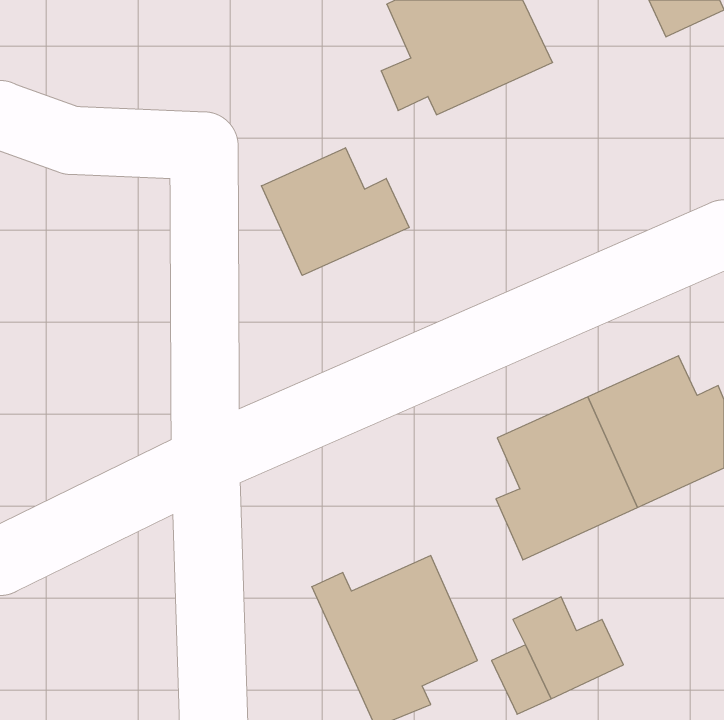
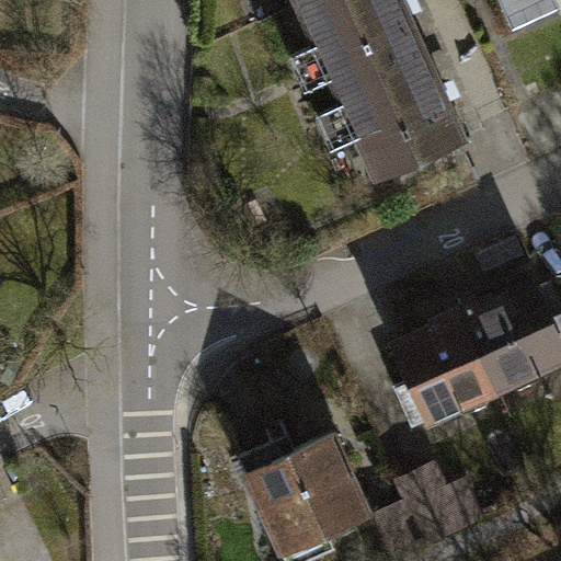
building: none -> [320,51,467,181]
building: [261,148,409,275] -> none

